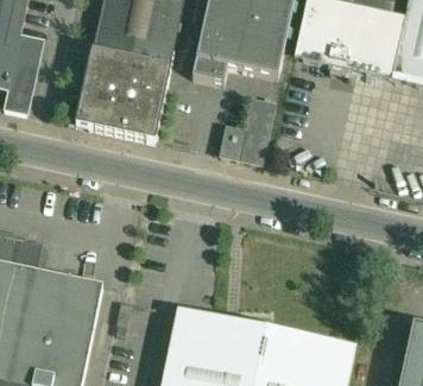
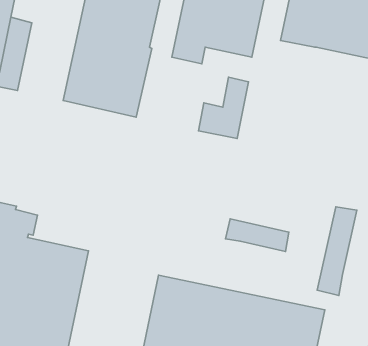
building: none -> [317,207,357,296]
building: none -> [225,219,289,252]

